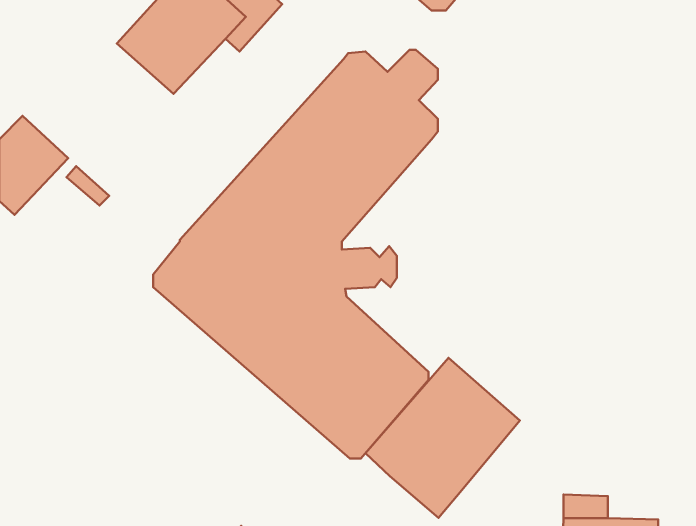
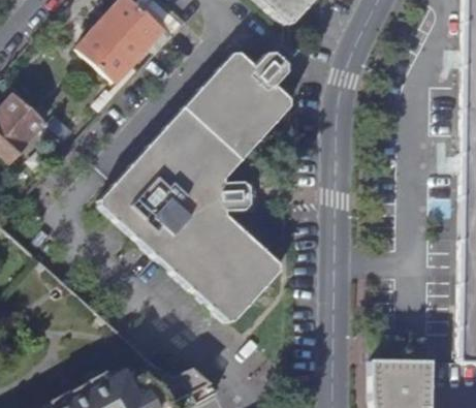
building: [365,358,520,518] -> none

